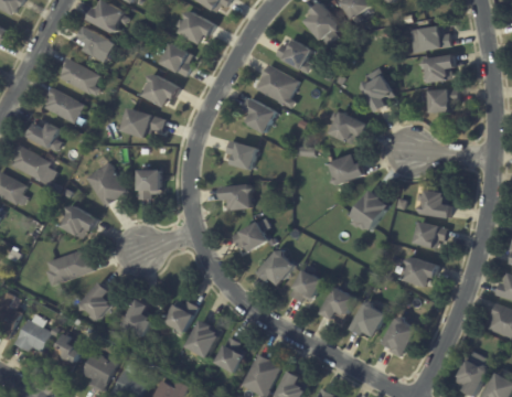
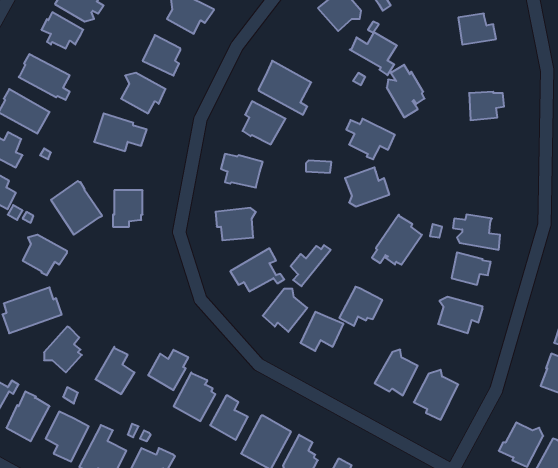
building: [274,40,312,75] -> [350,32,397,75]
building: [420,53,455,82] -> none
building: none -> [291,245,331,286]
building: [320,288,355,320] -> [339,287,382,326]

